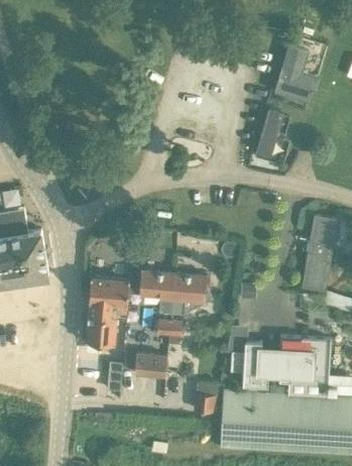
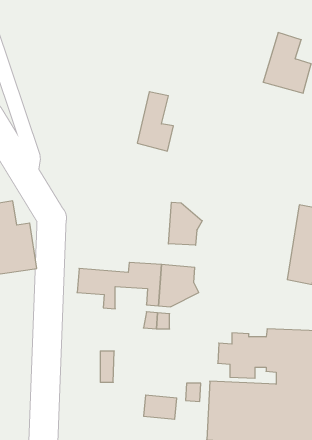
building: [255,105,291,164] -> [137,92,173,151]
building: none -> [168,202,202,245]
building: [84,302,115,346] -> none
building: [133,354,166,378] -> [144,395,177,419]

